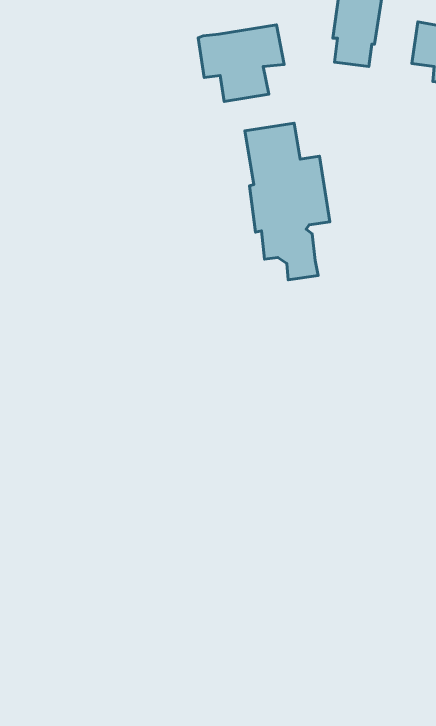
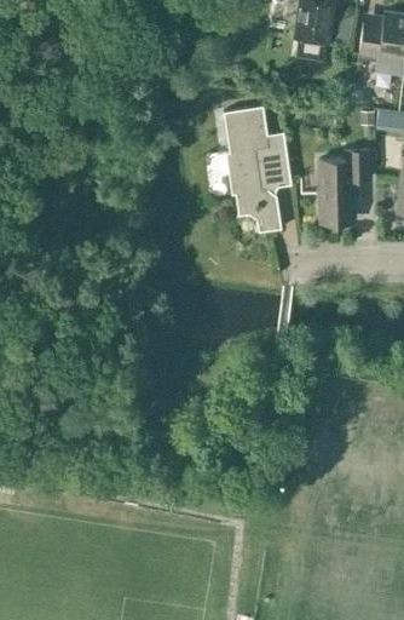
building: [198,25,284,102] -> none
building: none -> [318,148,373,220]

